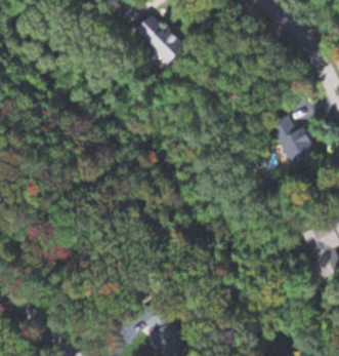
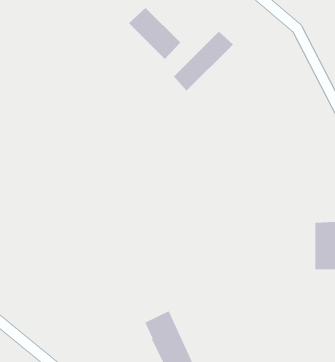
building: none -> [173,31,234,92]
building: [269,111,315,170] -> none

